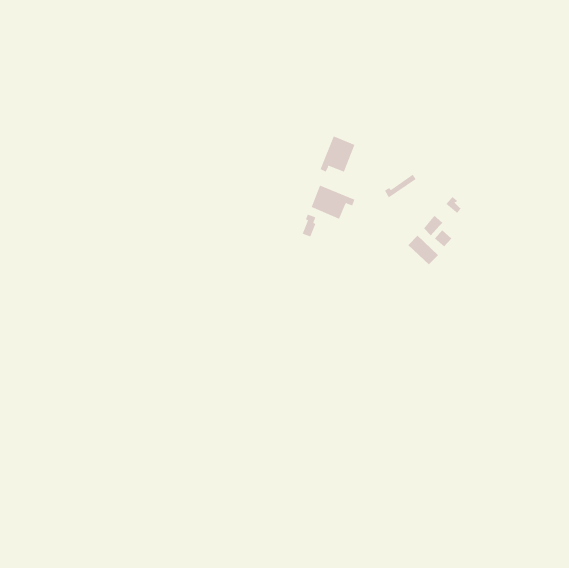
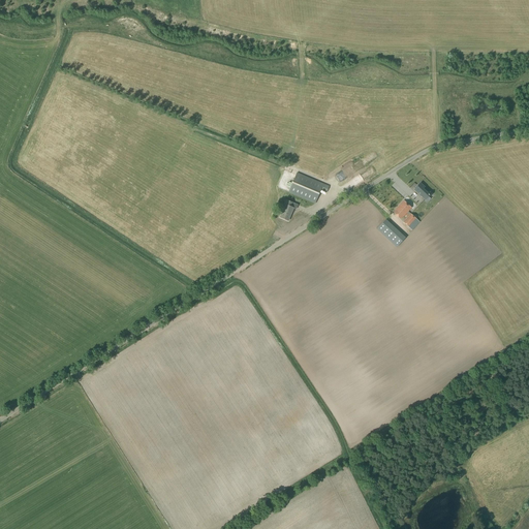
building: [320,136,355,173] -> none

